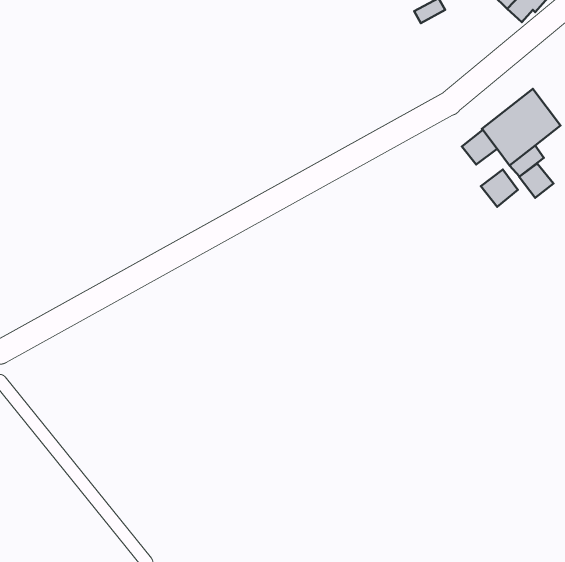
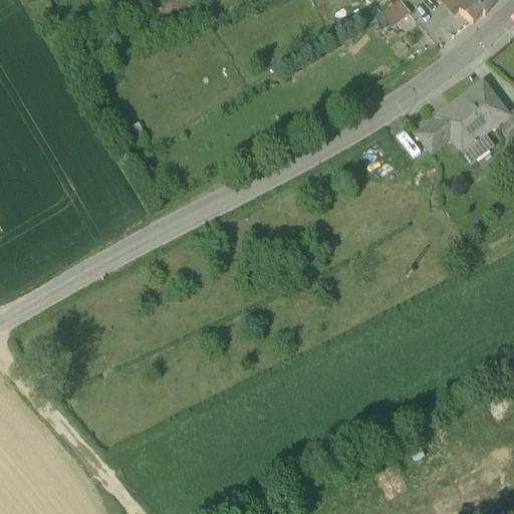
building: [519,164,553,198] -> none
building: [481,170,518,207] -> none

